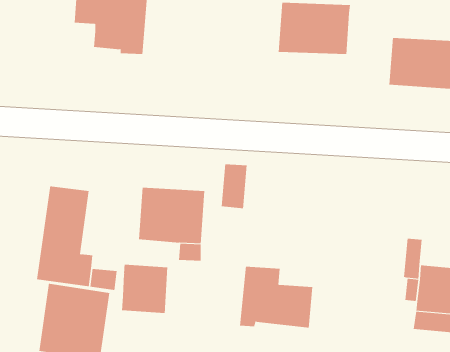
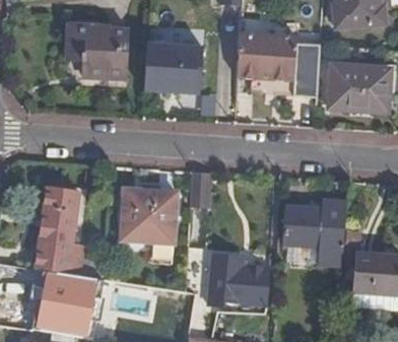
building: none -> [143,43,203,95]
building: none -> [294,46,321,97]
building: none -> [278,204,344,266]
building: [121,264,168,314] -> none

